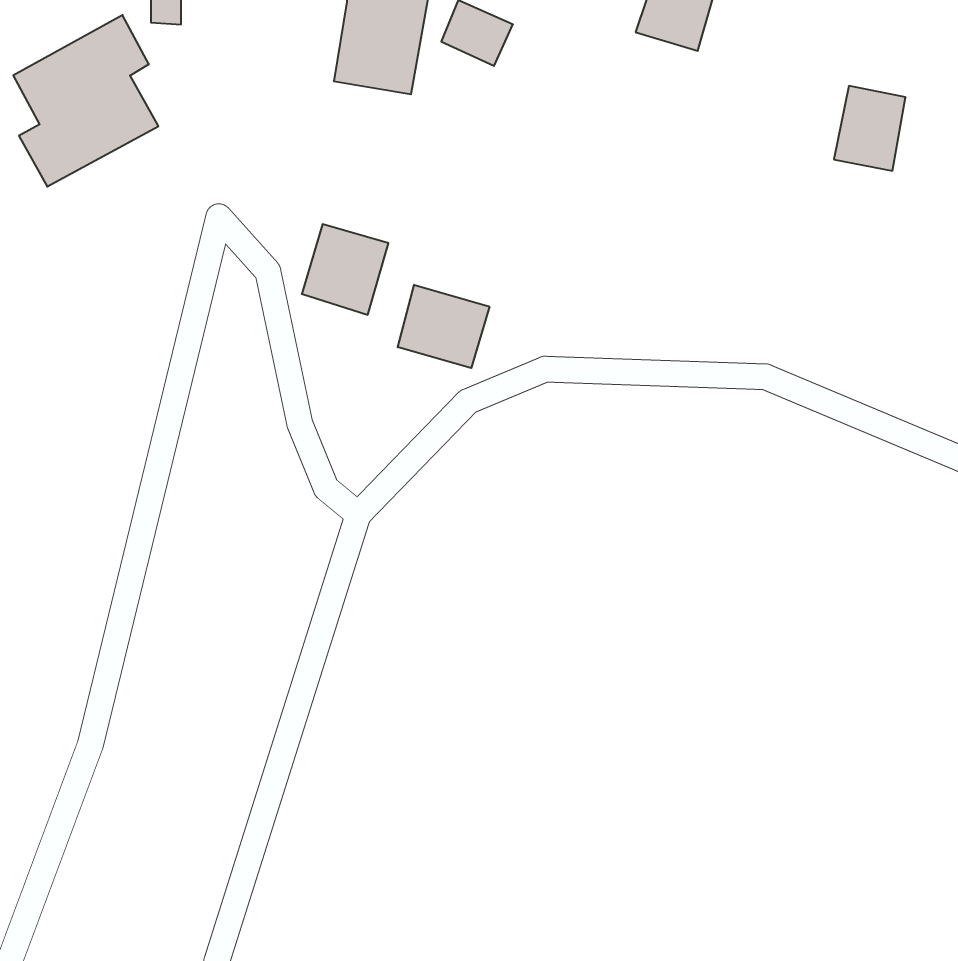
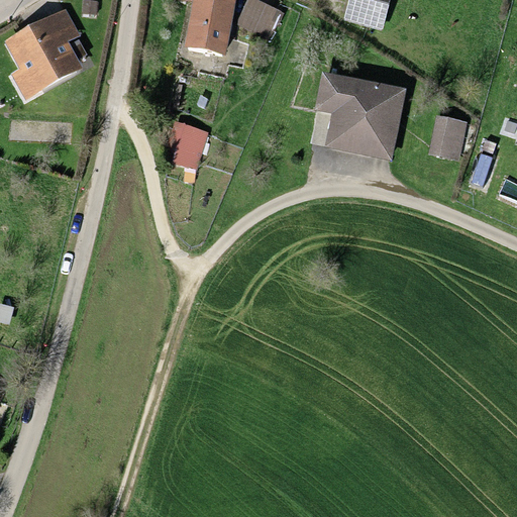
building: [834,86,906,171] -> [431,115,470,161]
building: none -> [312,75,400,156]
building: [398,285,489,368] -> none

